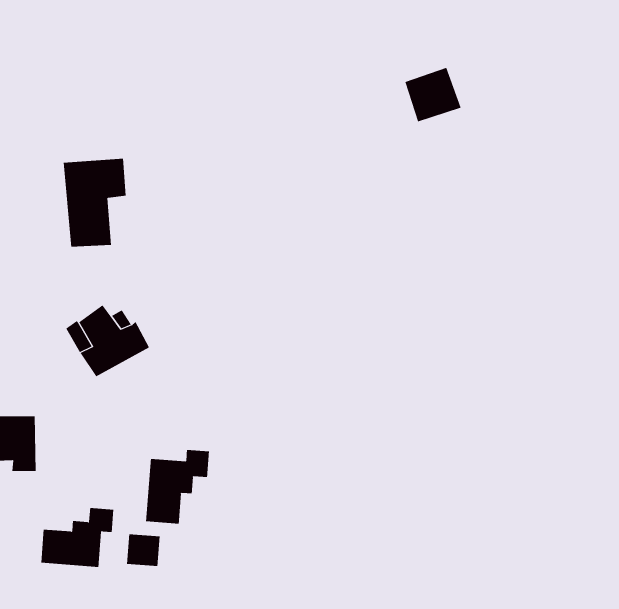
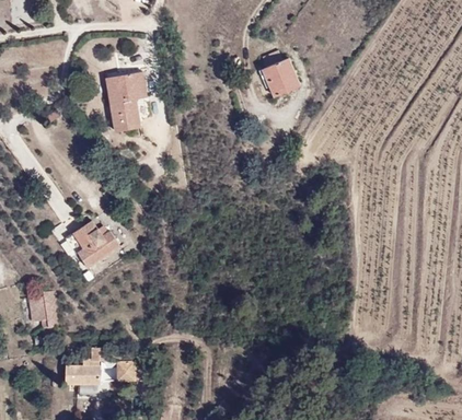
building: [63,158,126,247] -> [106,73,147,130]
building: [146,449,210,524] -> none

